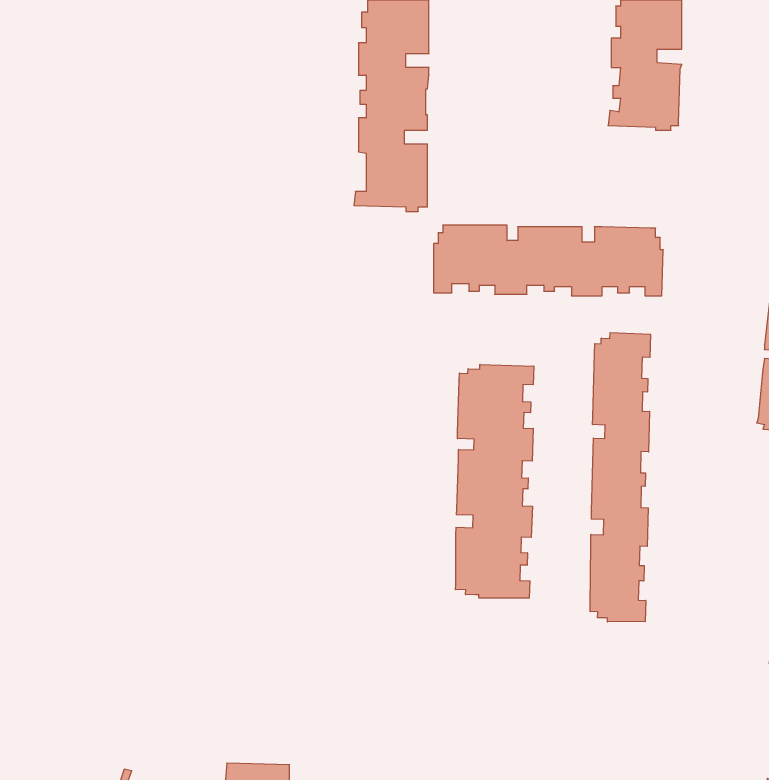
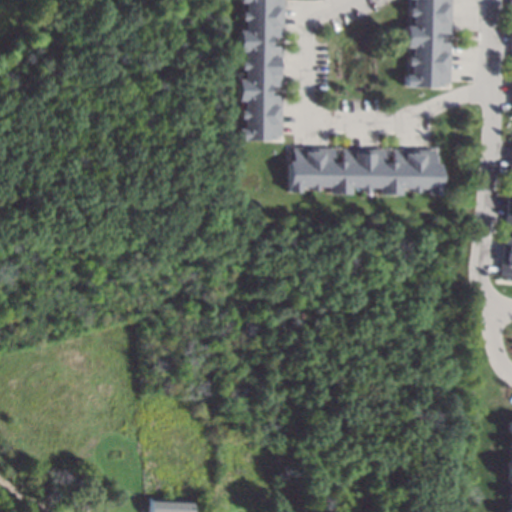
building: [590,333,650,622] -> none
building: [456,364,534,598] -> none

